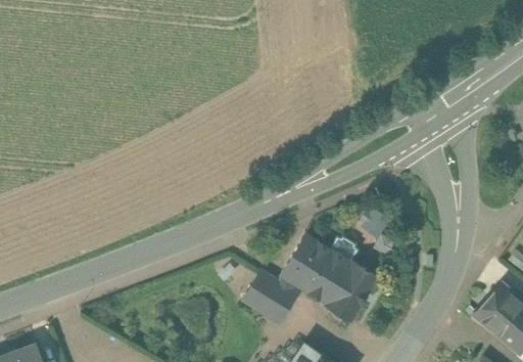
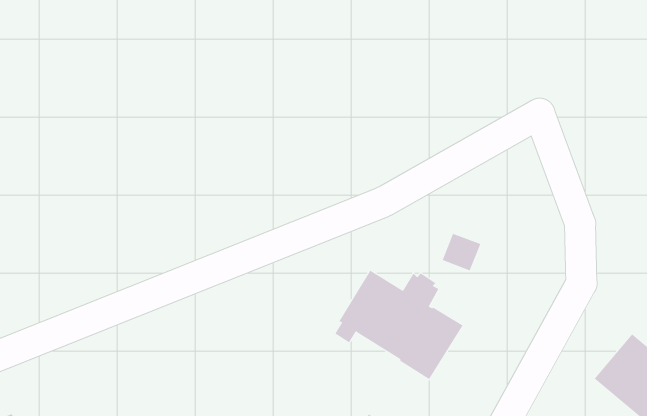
building: [243,271,295,321] -> none

